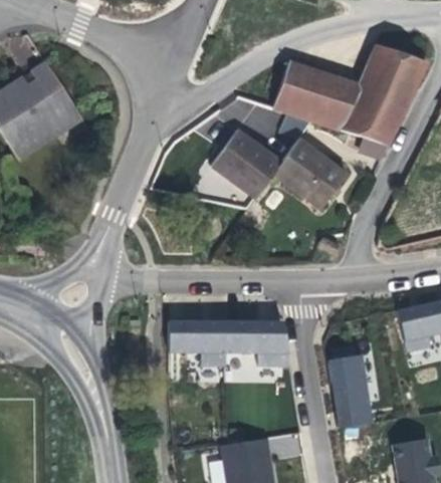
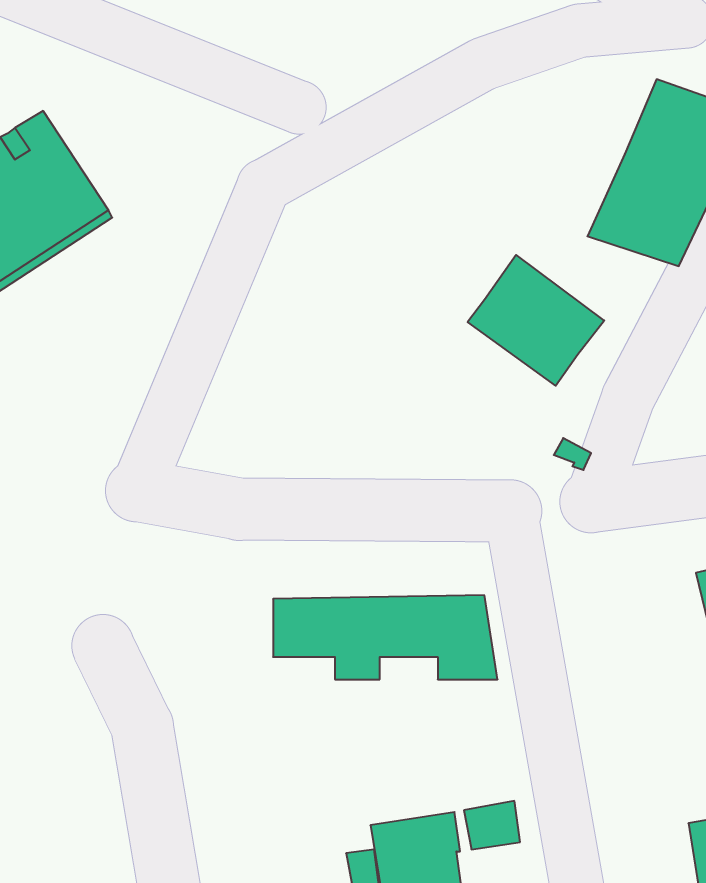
building: [273,62,359,129] -> none
building: [212,131,283,198] -> none
building: [329,355,372,427] -> none

